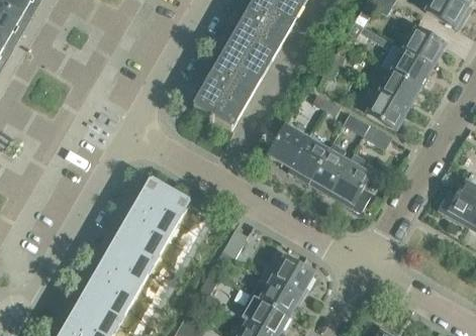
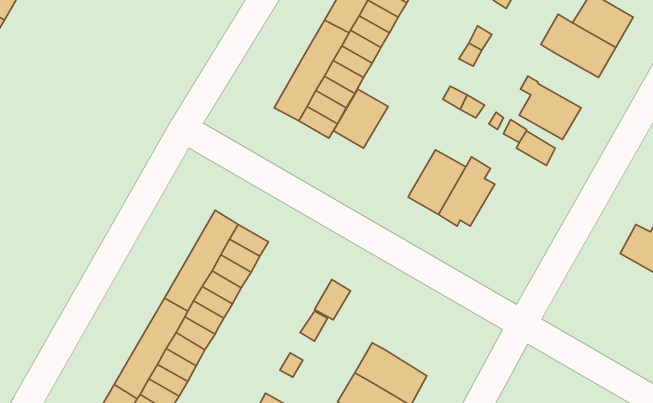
building: [378,70,420,108] -> none
building: [268,125,306,166] -> [333,89,388,148]
building: [330,153,371,213] -> none
building: [262,256,313,296] -> none

